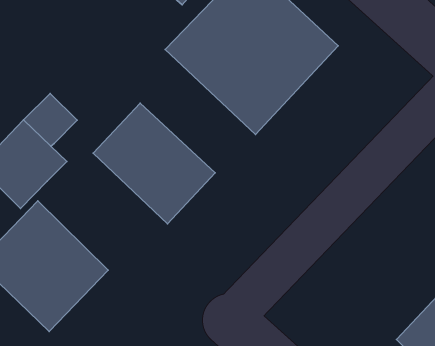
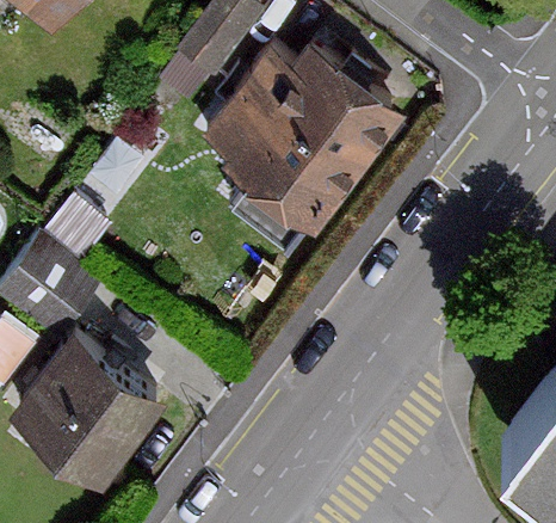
building: [93,103,215,224] -> none

